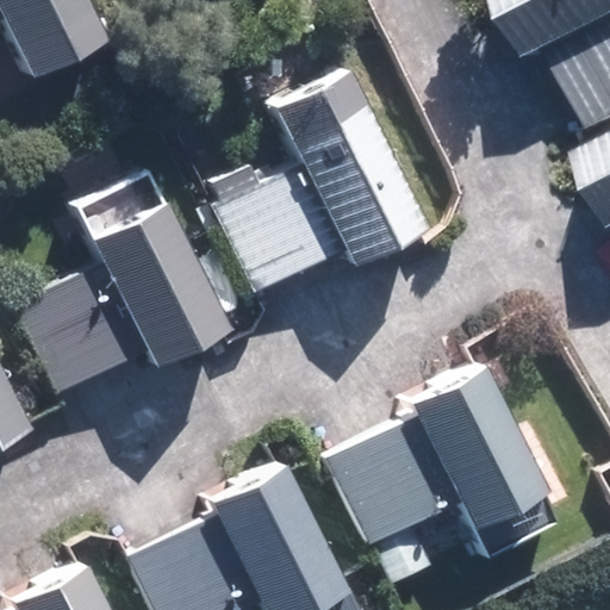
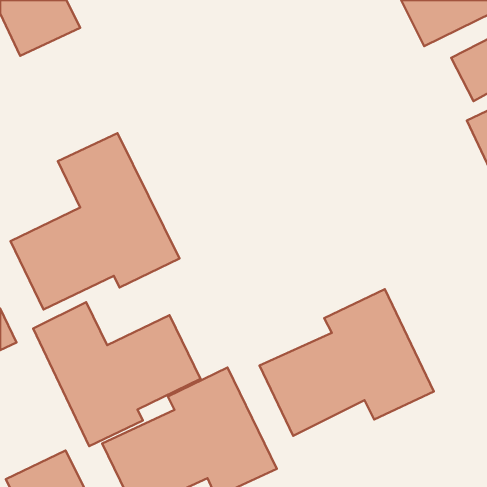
building: [216,71,424,291] -> none
building: none -> [33,302,201,446]

